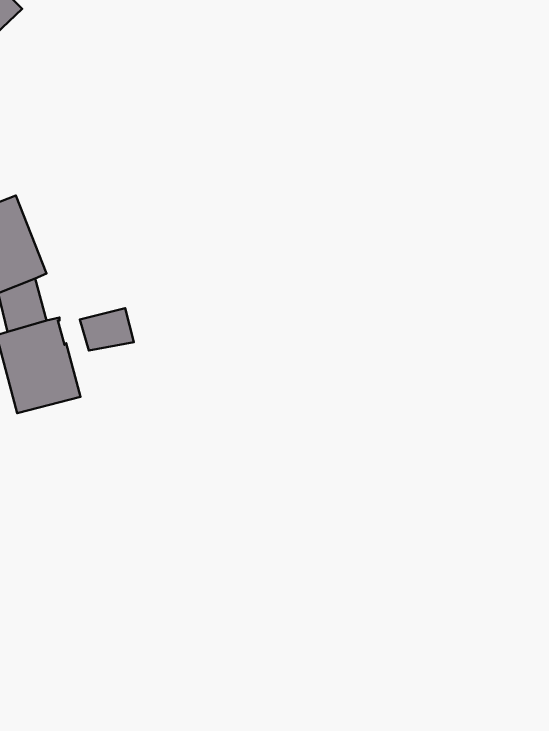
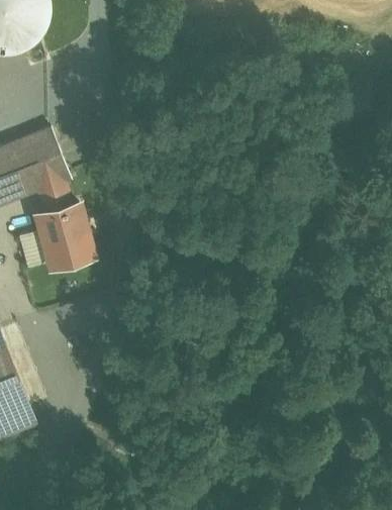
building: [80,308,134,350] -> none

